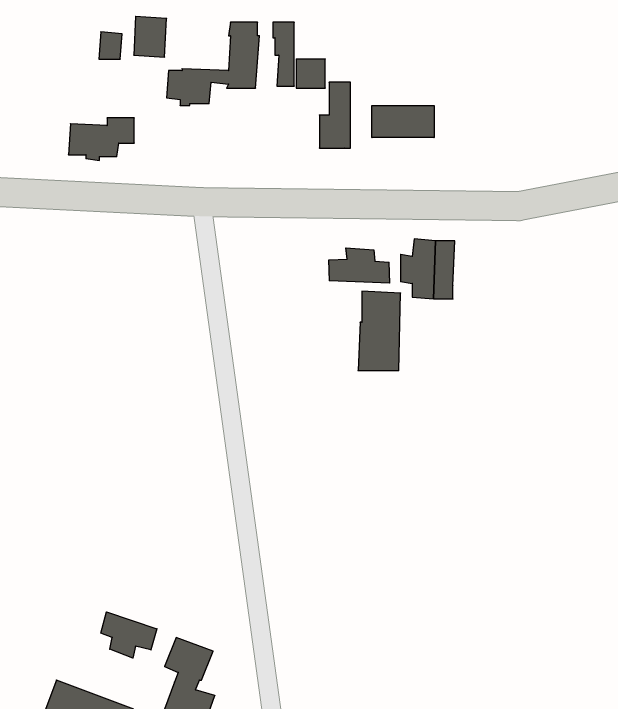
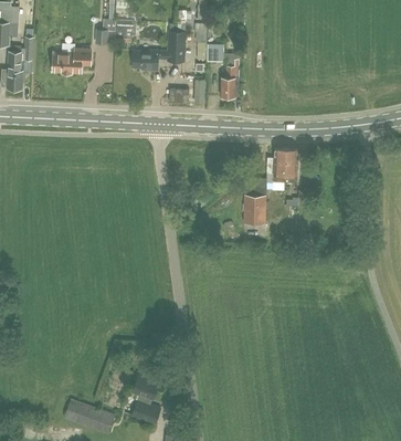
building: [372,106,434,138] -> none
building: [68,118,134,160] -> [53,50,91,74]
building: [329,248,389,283] -> none
building: [101,612,157,658] -> none

